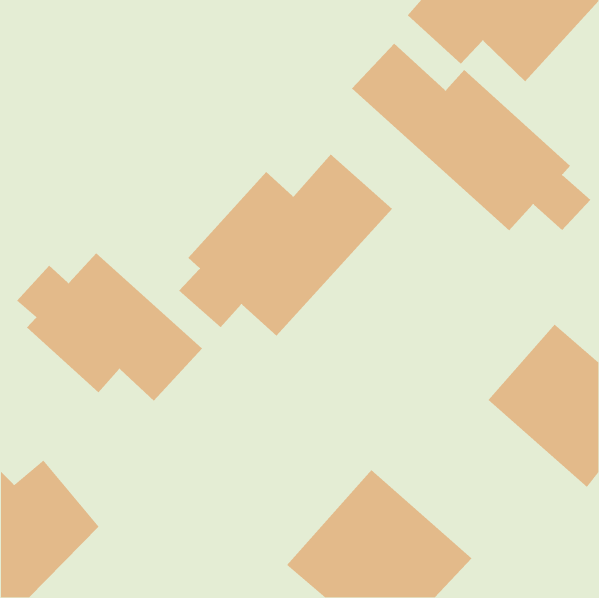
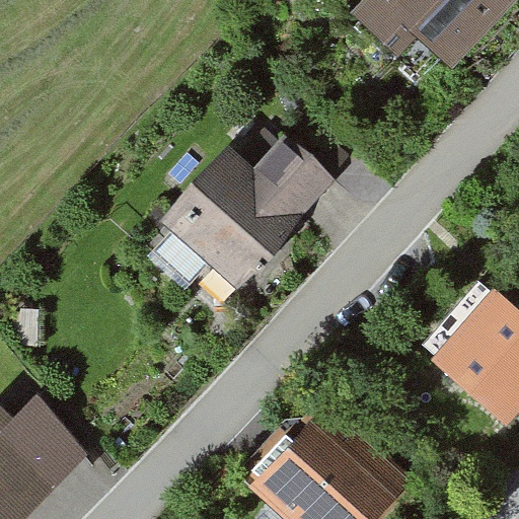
building: [351,43,591,231] -> none
building: [16,252,203,401] -> none

